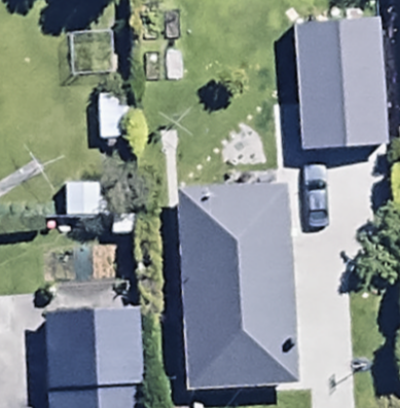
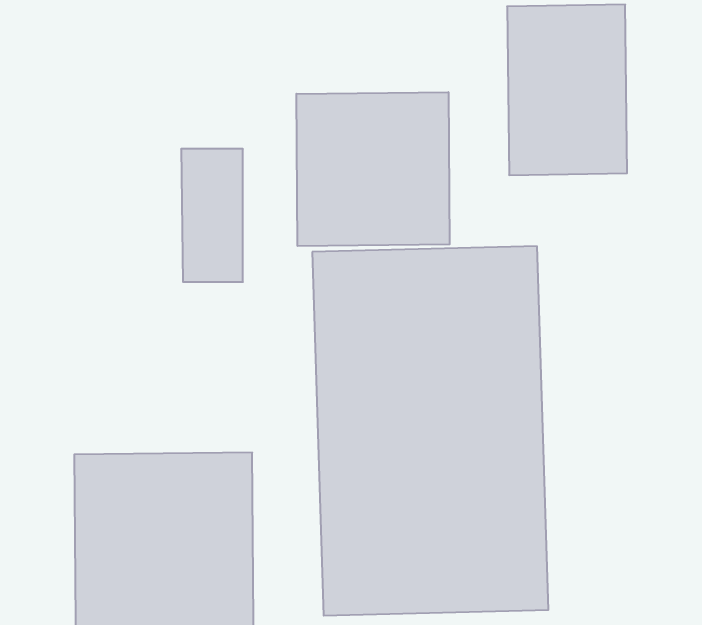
building: none -> [296,92,450,246]

